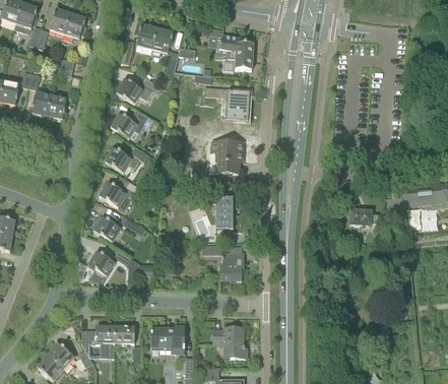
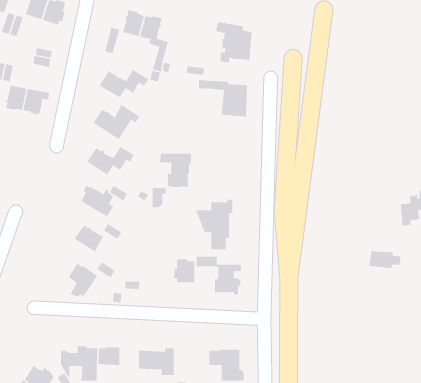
building: [211,142,241,174] -> [159,153,192,188]
building: [348,209,378,226] -> [369,251,401,269]
building: none -> [173,258,195,283]

